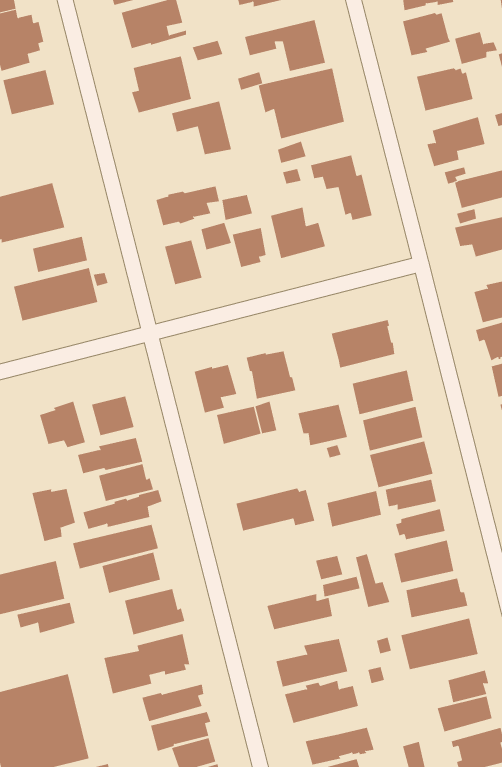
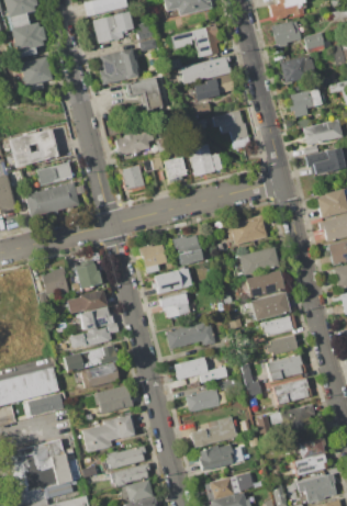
building: [297,404,348,446] -> [159,292,191,318]
building: [32,488,75,542] -> none
building: [326,491,382,527] -> [174,357,209,380]

